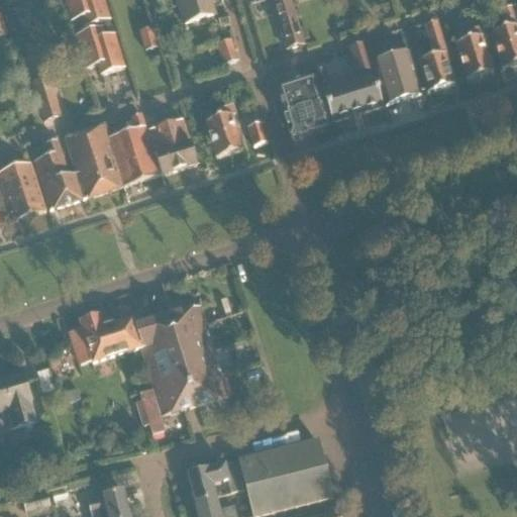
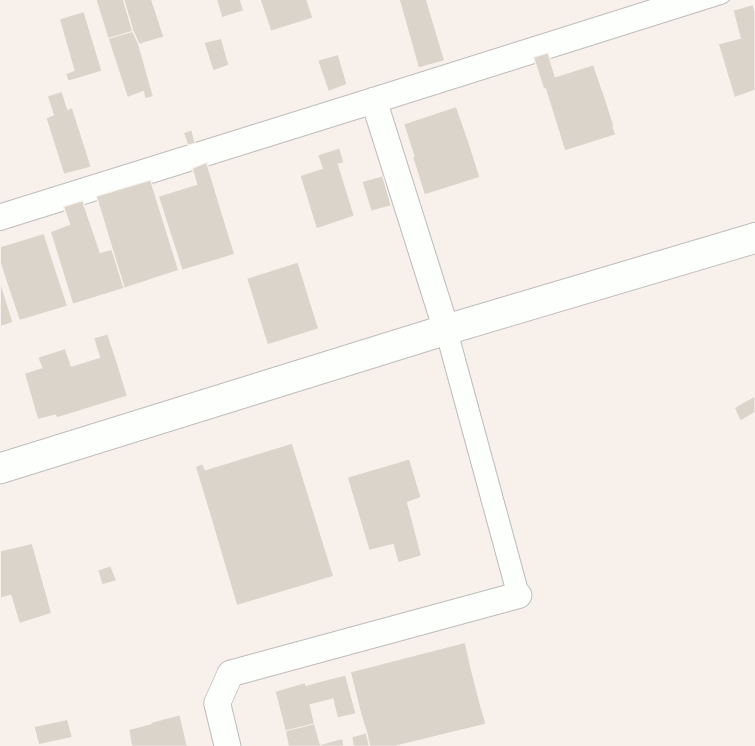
building: [412,18,454,90] -> none
building: [454,23,493,78] -> none
building: [95,25,124,73] -> [59,12,102,81]
building: [314,40,383,120] -> none
building: [147,116,197,173] -> [247,262,319,345]
building: [71,303,141,361] -> [24,334,128,419]
building: none -> [347,459,421,563]
building: [137,388,164,432] -> none

